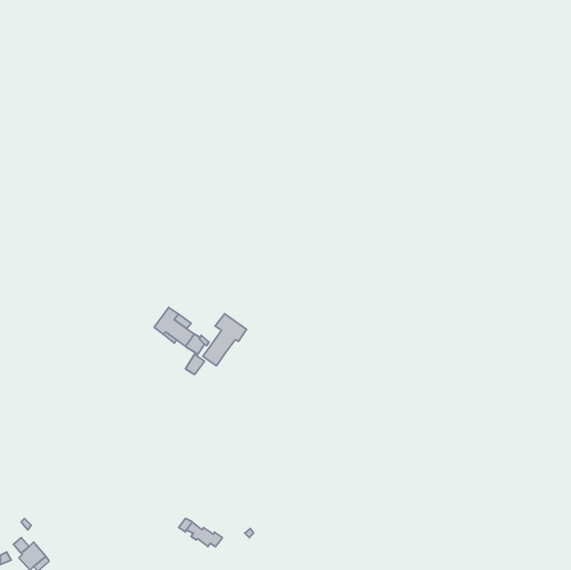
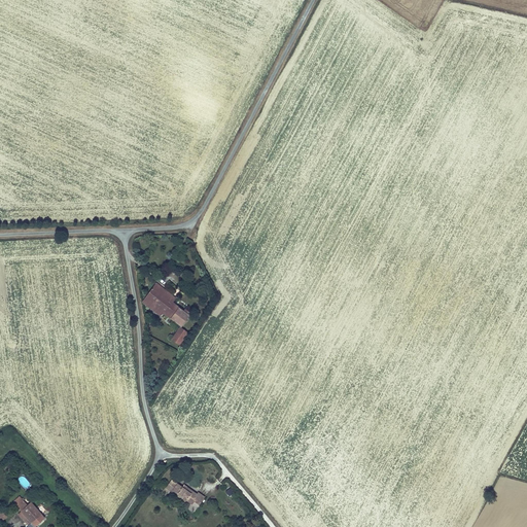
building: [203,314,247,366] -> none

